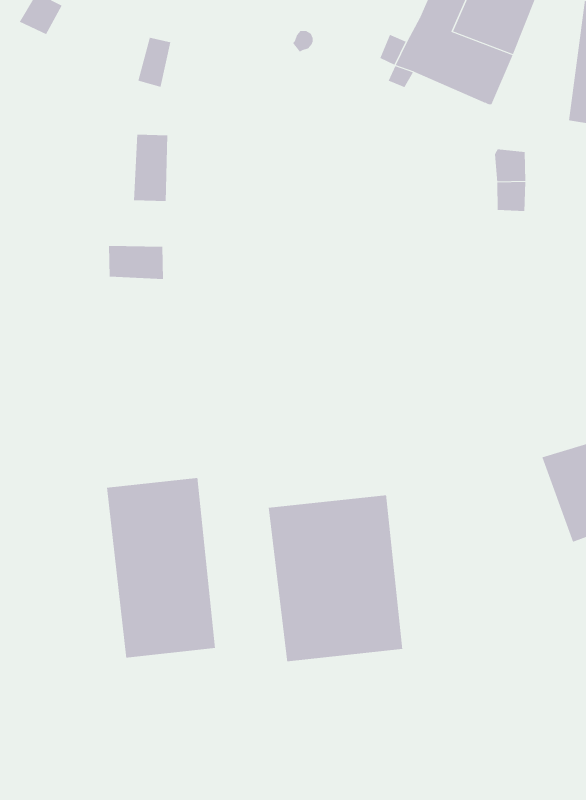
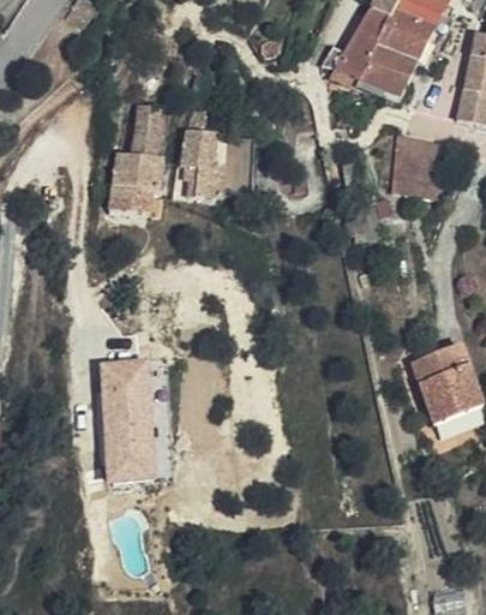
building: none -> [182,132,228,197]
building: none -> [115,151,167,190]
building: [268,494,403,662] -> none

